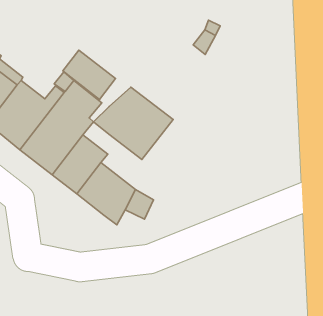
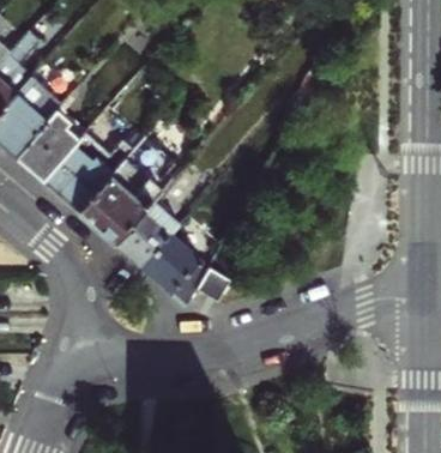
building: [63,50,115,99] -> none
building: [94,87,173,160] -> none

